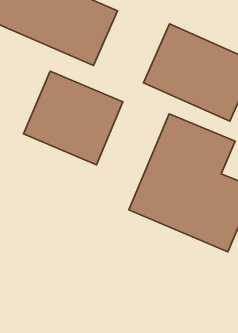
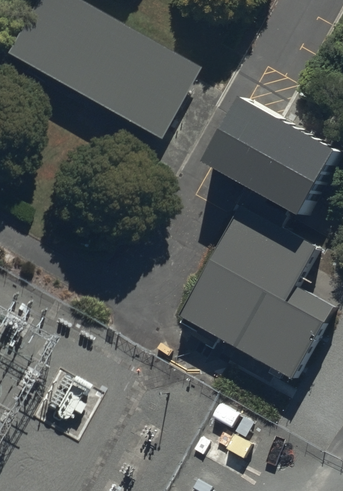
building: [24,71,123,165] -> none

